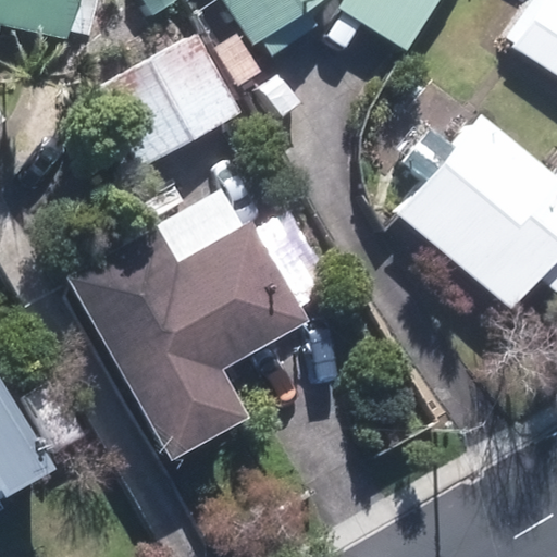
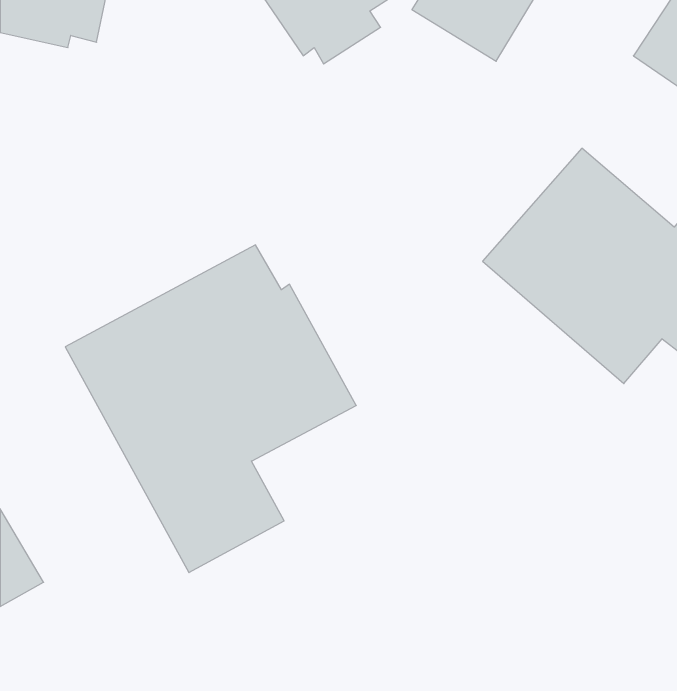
building: [103,35,240,162] -> none

